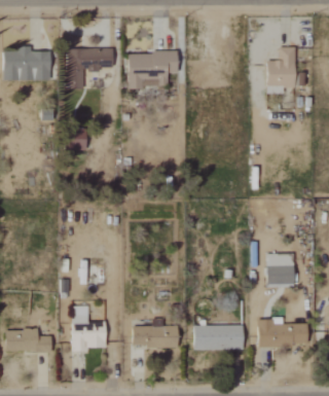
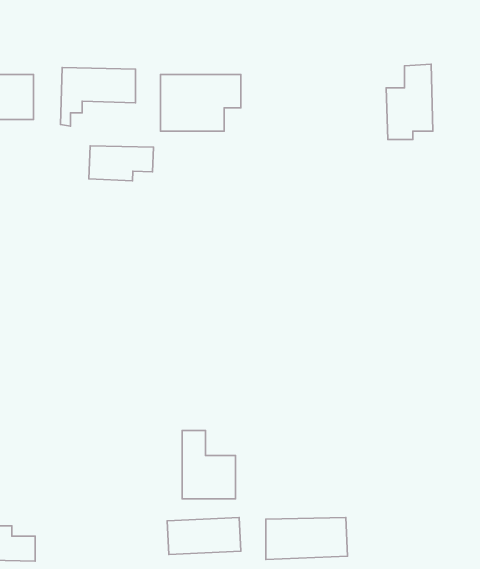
building: none -> [89,146,153,181]
building: [266,255,294,285] -> none
building: [73,307,106,349] -> [182,430,236,499]
building: [257,320,308,347] -> none

